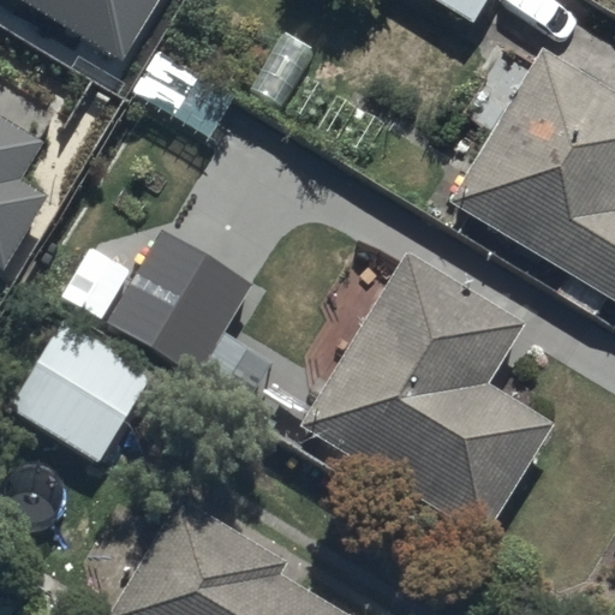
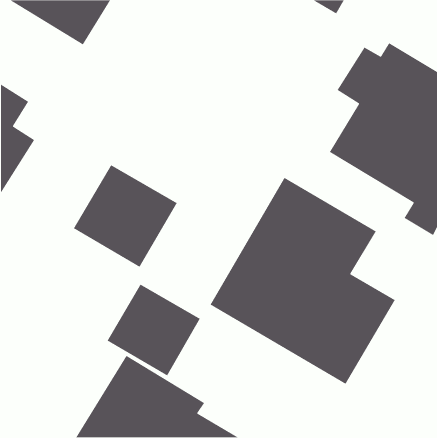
building: [8,317,154,462] -> none
building: none -> [107,284,201,377]

